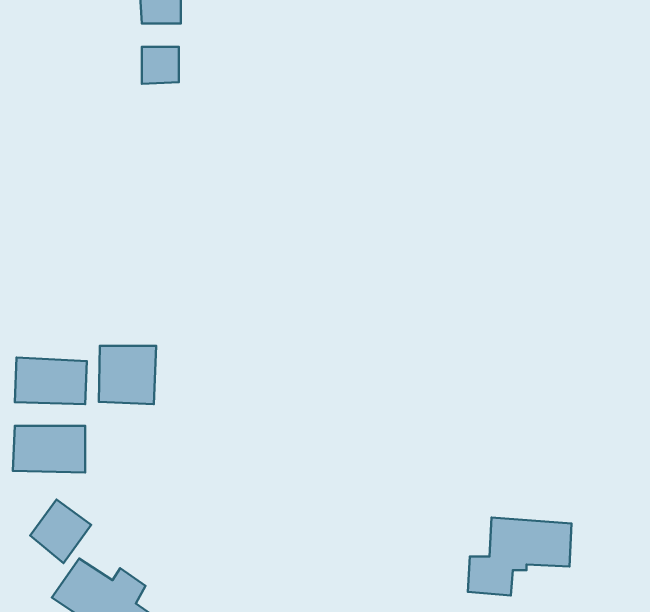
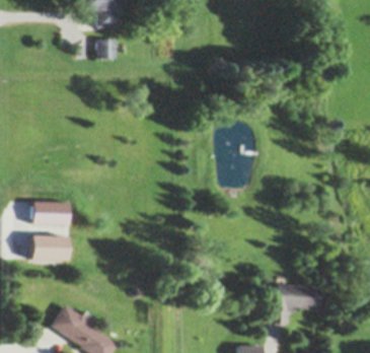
building: [99,346,156,404] -> none
building: [30,500,91,563] -> none

